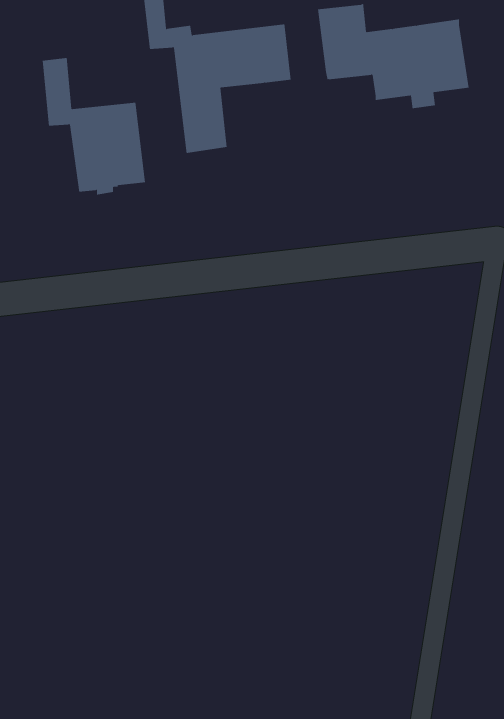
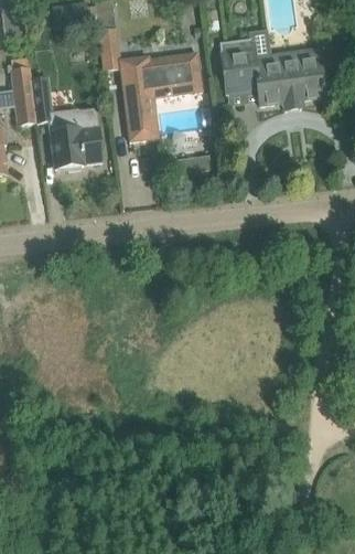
building: none -> [9,67,34,125]

